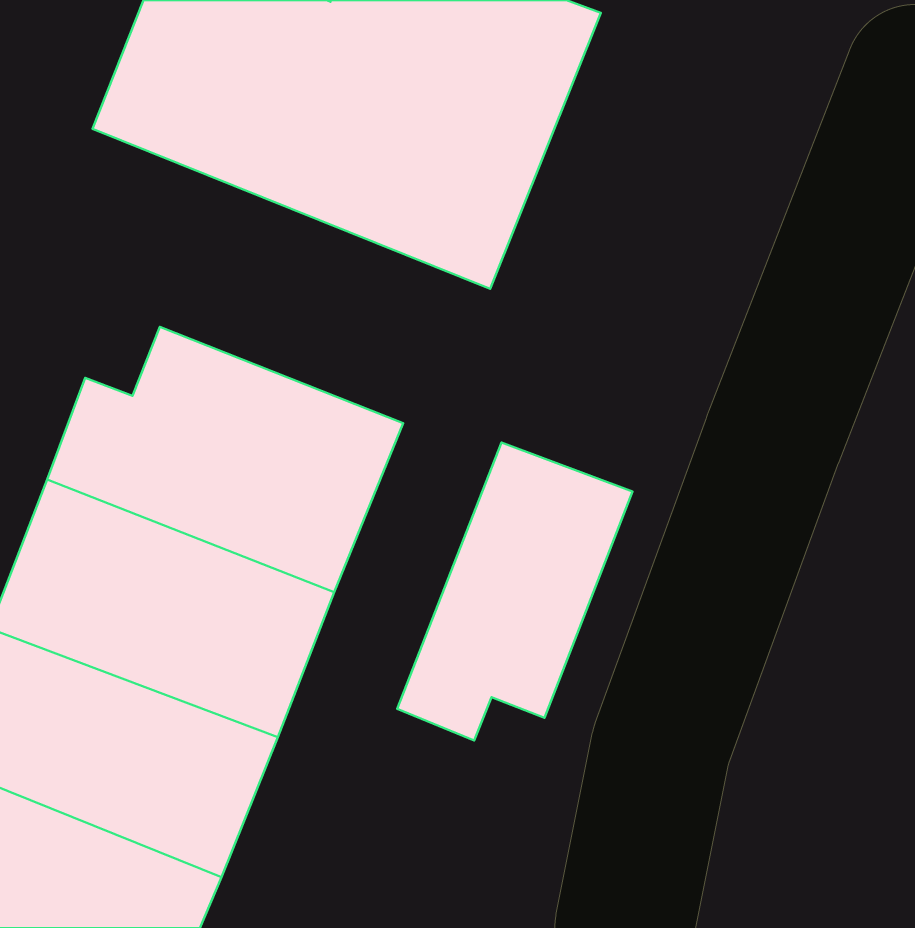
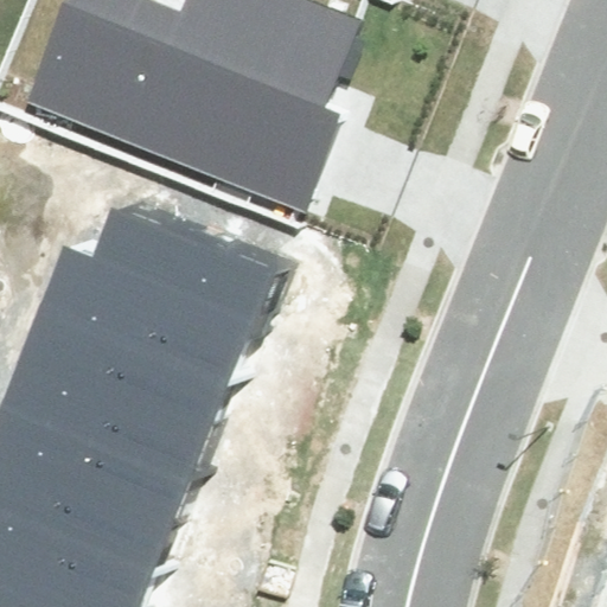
building: [397,443,633,741] -> none

